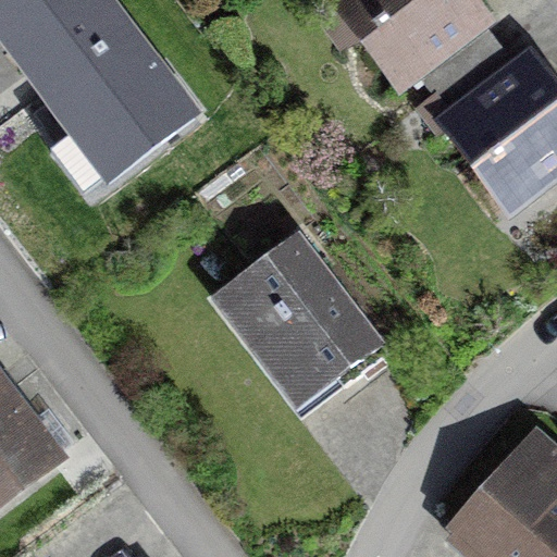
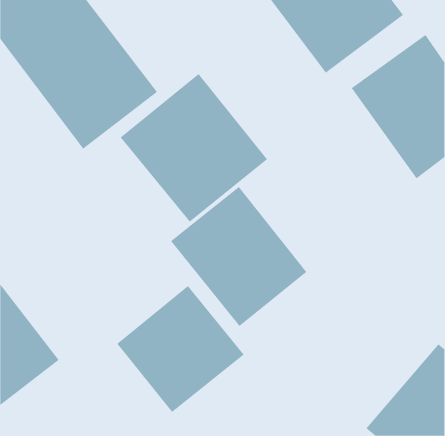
building: none -> [120,73,268,223]
building: none -> [117,285,244,413]

